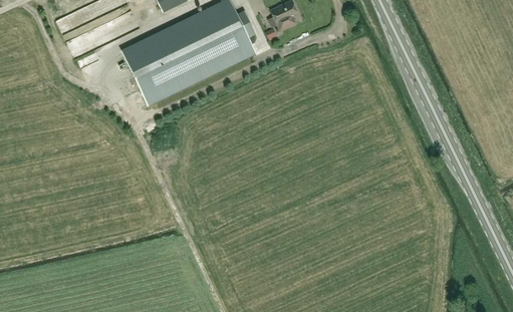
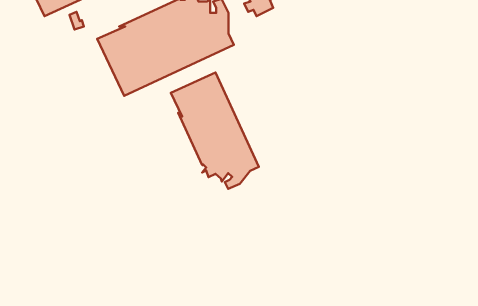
building: none -> [171,73,259,189]

